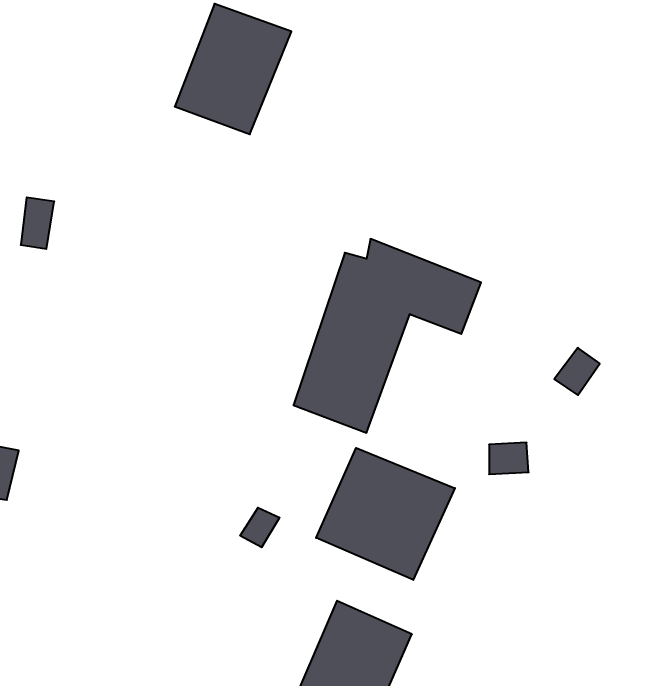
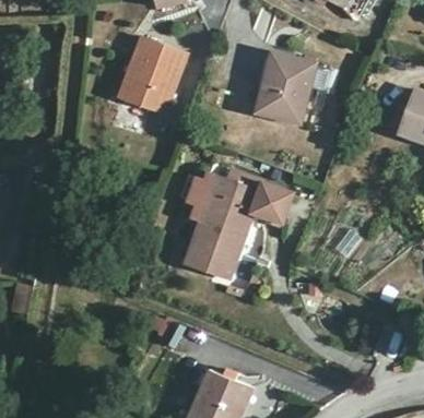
building: none -> [255,52,314,122]
building: [316,448,455,580] -> none

